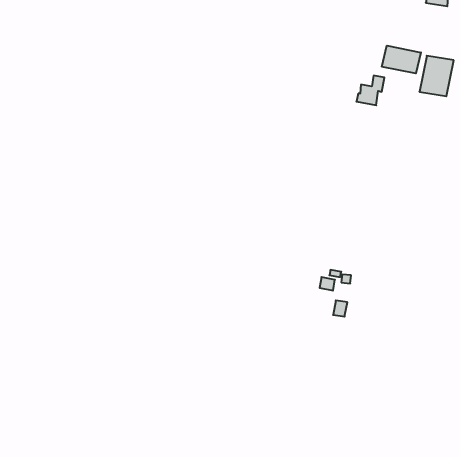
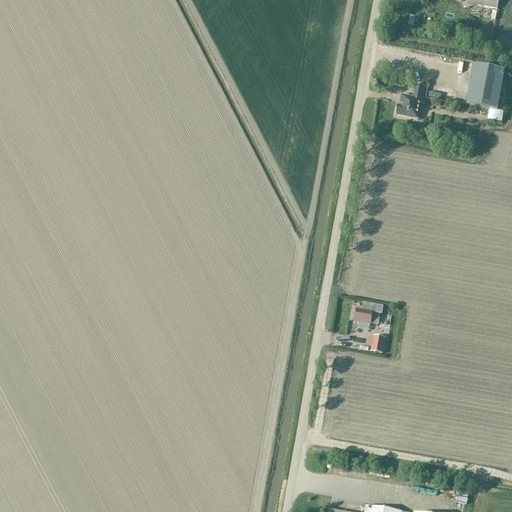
building: [382,46,421,73] -> none

